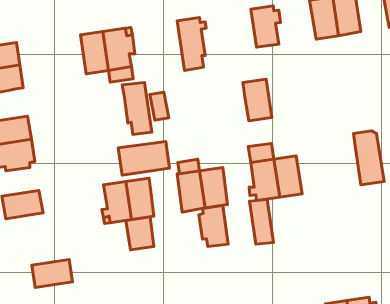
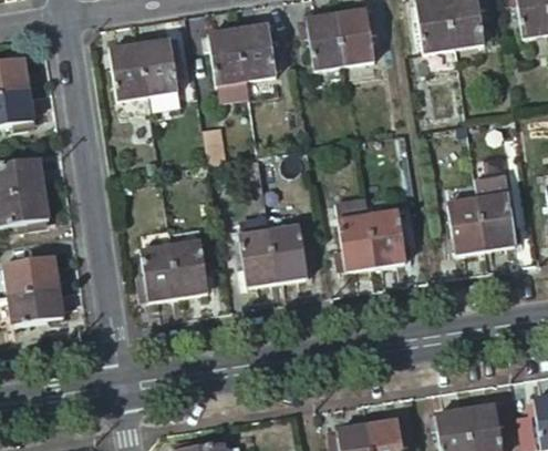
building: [243,79,272,121] -> [306,14,344,70]
building: [122,82,152,135] -> [208,30,248,100]
building: [118,141,169,175] -> none
building: none -> [445,197,484,254]
building: [250,199,273,244] -> none
building: [199,205,228,246] -> none
building: [126,217,154,250] -> none
building: [32,260,72,288] -> [9,287,63,325]

